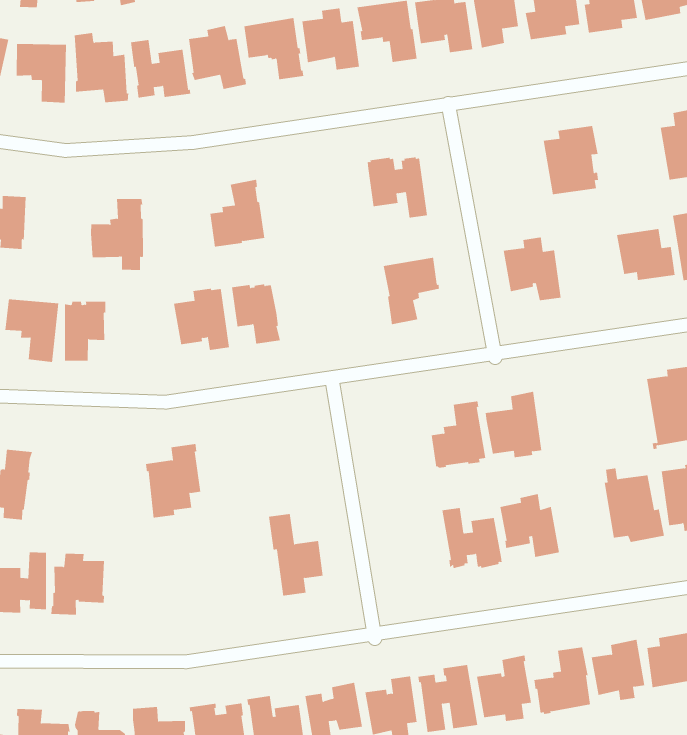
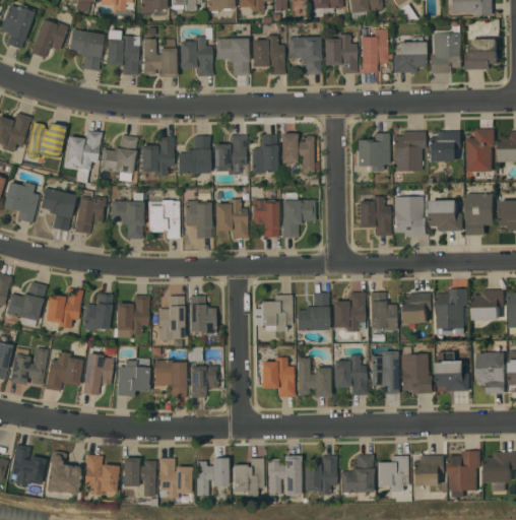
building: none -> [429,131,461,162]
building: none -> [357,133,389,172]
building: none -> [251,134,277,173]
building: none -> [212,135,246,176]
building: none -> [140,136,174,176]
building: none -> [65,130,102,182]
building: none -> [393,196,427,237]
building: none -> [252,199,278,238]
building: none -> [214,199,248,239]
building: none -> [110,192,143,239]
building: none -> [399,292,432,324]
building: none -> [369,292,396,330]
building: none -> [261,295,292,331]
building: none -> [189,296,215,333]
building: none -> [157,296,184,340]
building: none -> [45,287,82,328]
building: none -> [82,292,113,331]
building: none -> [370,351,397,394]
building: none -> [260,358,295,396]
building: none -> [153,360,186,398]
building: none -> [116,358,148,396]
building: none -> [82,353,113,395]

